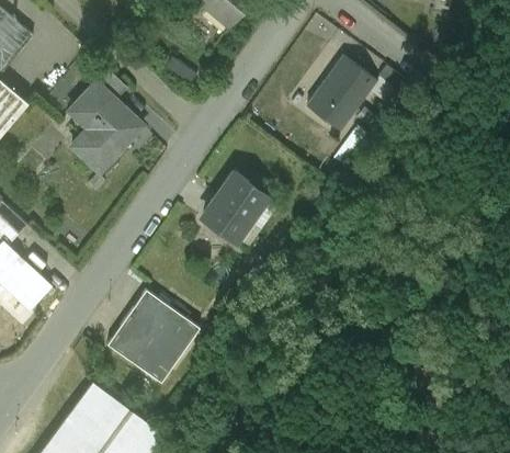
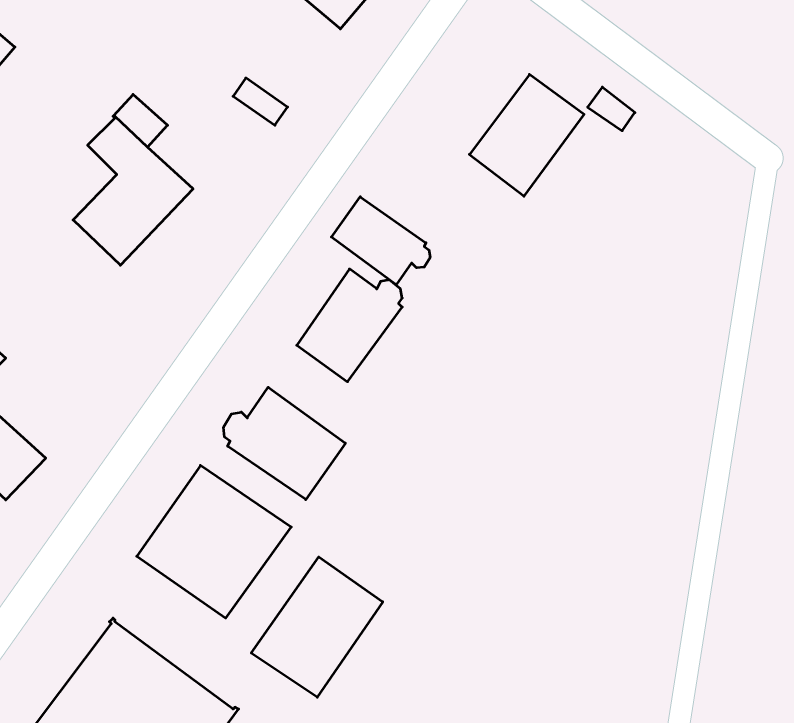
building: none -> [331,197,430,285]
building: none -> [224,387,345,500]
building: none -> [251,557,383,697]

